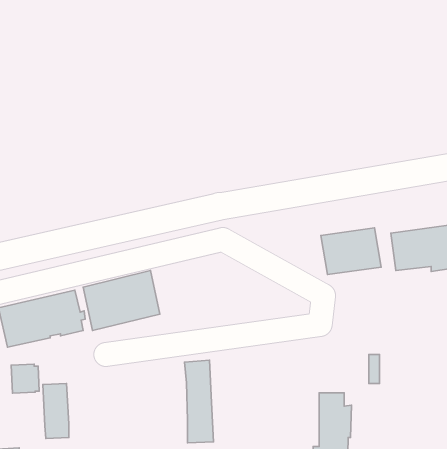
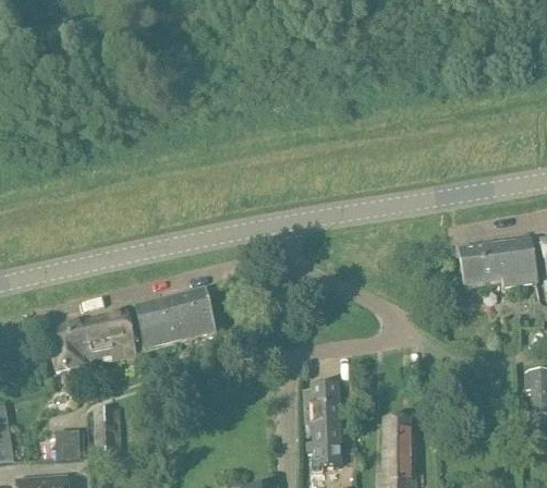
building: [321,228,381,275] -> none
building: [184,360,213,443] -> [311,381,341,468]
building: [11,364,39,393] -> [54,429,84,460]

